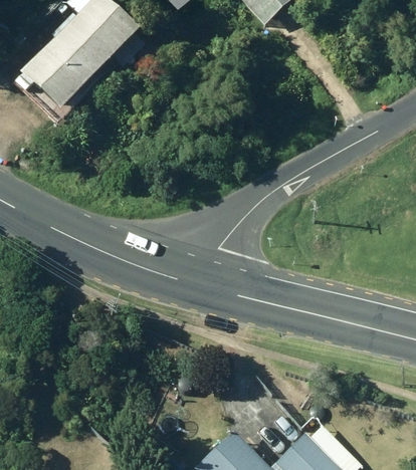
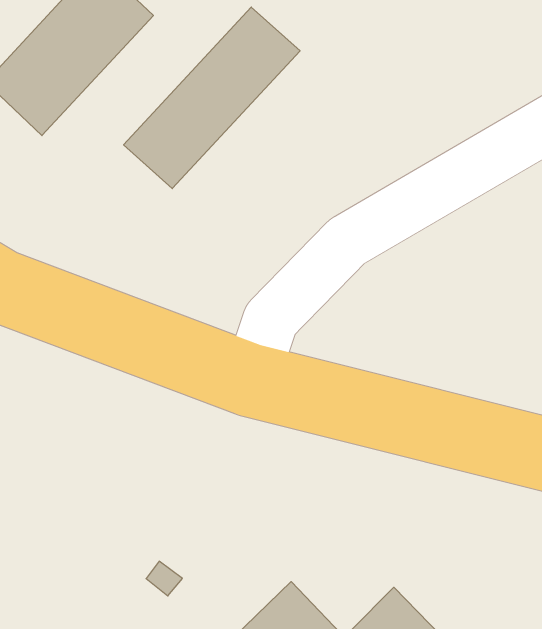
building: none -> [124,7,300,189]

